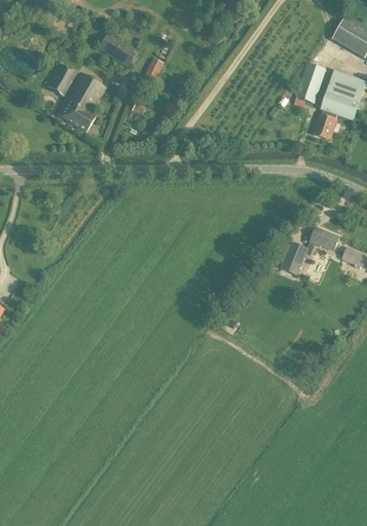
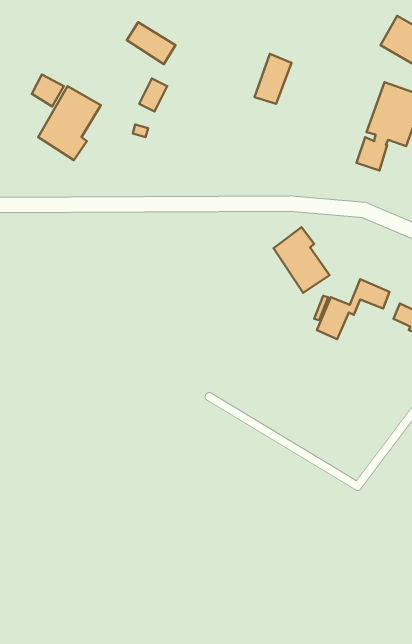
building: [98,33,137,67] -> [127,22,175,64]
building: [296,62,326,102] -> [254,54,291,104]
building: none -> [273,227,329,293]

